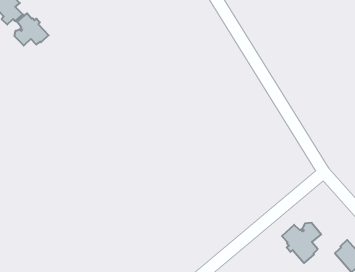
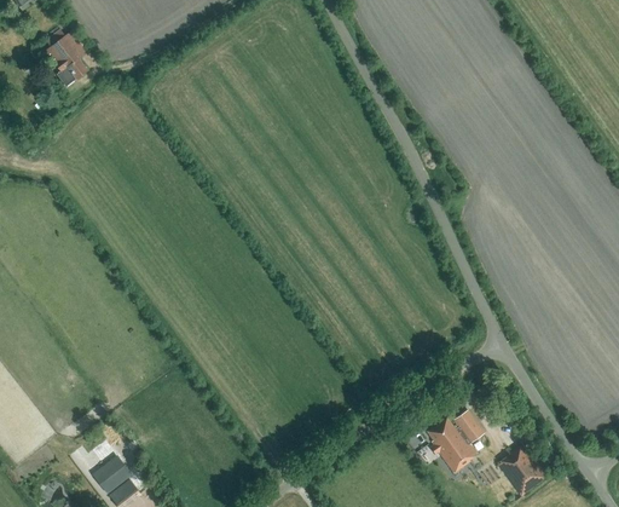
building: [15,13,49,46] -> none

